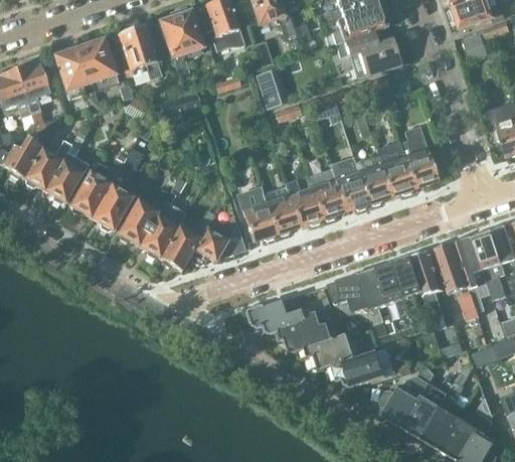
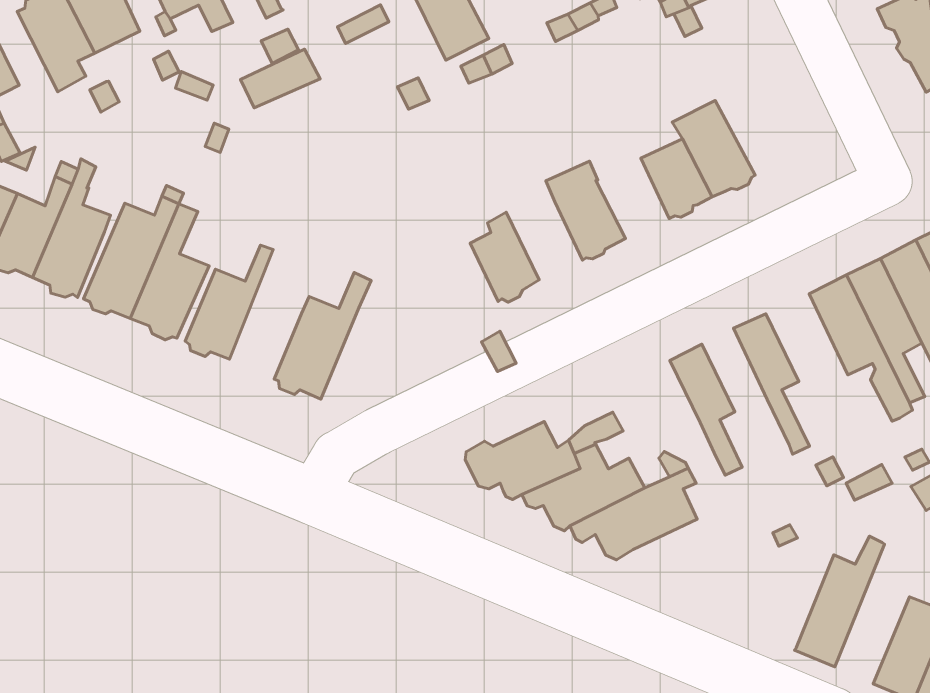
building: [398,125,438,186] -> none
building: [334,170,368,209] -> none
building: [138,176,185,257] -> none
building: [285,179,322,224] -> none
building: [240,199,277,241] -> none
building: [188,217,244,264] -> none
building: [410,249,444,318] -> none
building: [376,262,413,327] -> none
building: [328,274,370,313] -> none
building: [328,347,394,386] -> none
building: [421,359,473,450] -> none
building: [379,367,434,427] -> none

